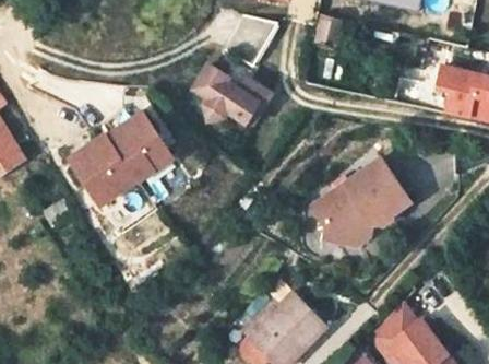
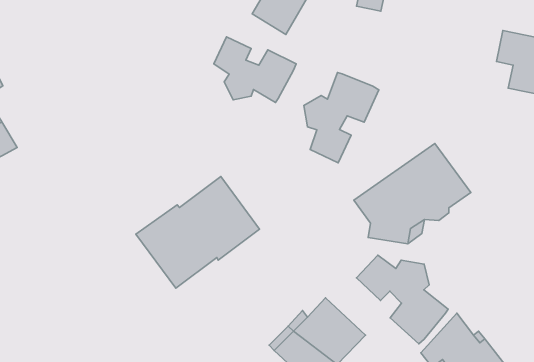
building: none -> [304,72,379,163]
building: [68,116,172,211] -> [136,176,259,288]
building: none -> [356,255,448,344]

